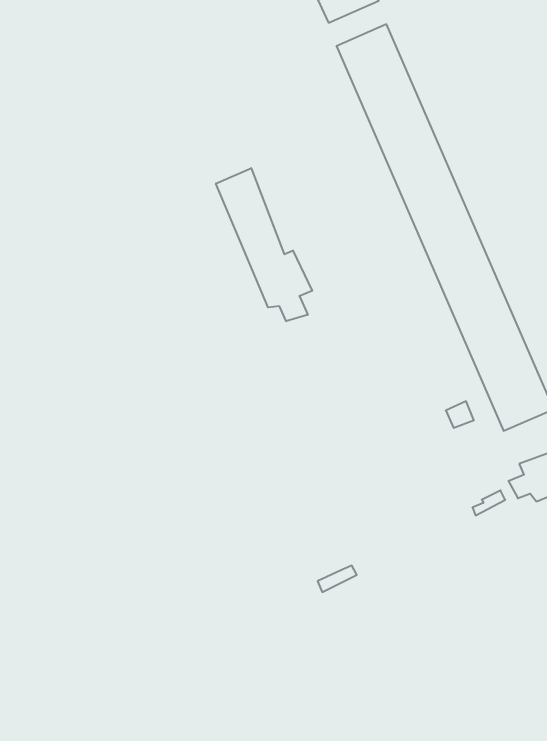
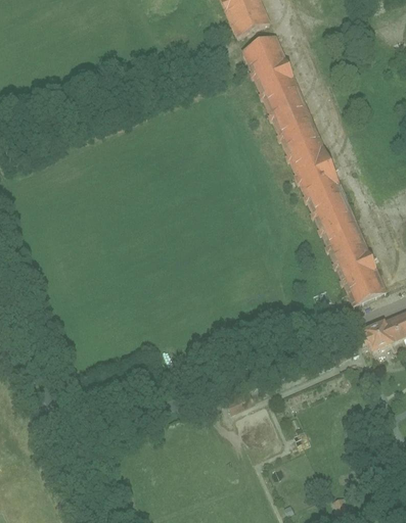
building: [216,168,312,321] -> none

